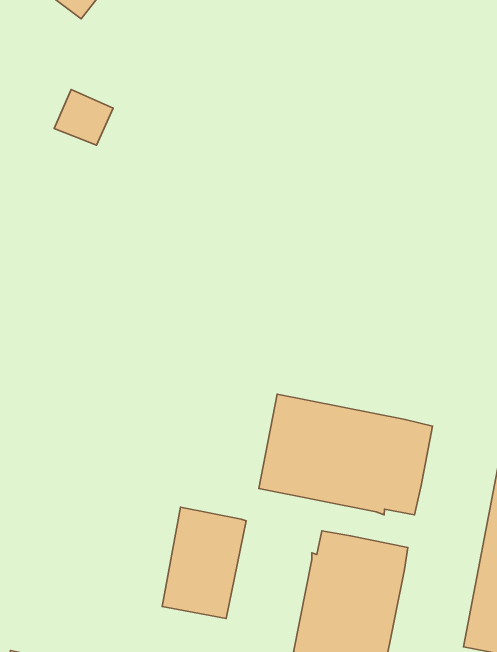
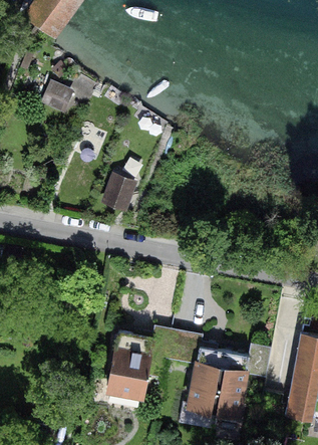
building: none -> [101,174,139,214]
building: [259,394,433,515] -> none

